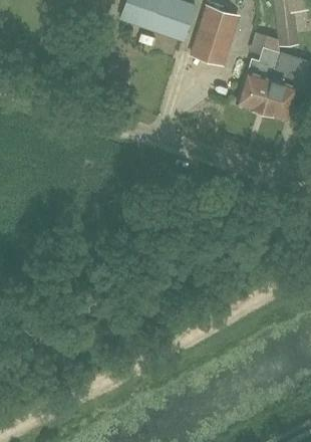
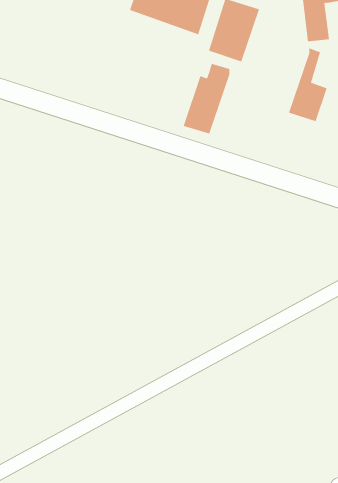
building: [239,47,281,111] -> [183,63,230,134]

